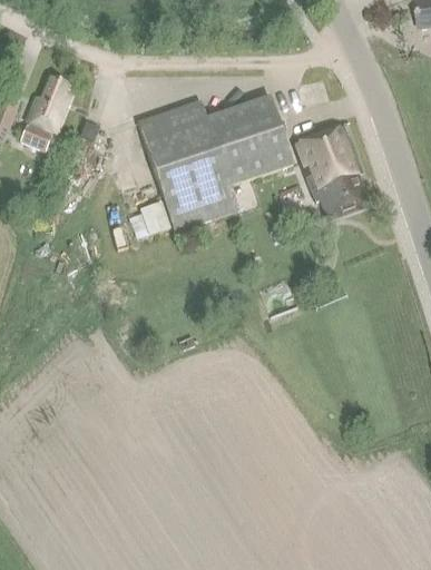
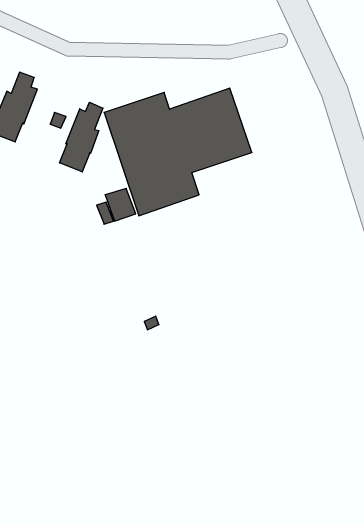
building: none -> [60,102,103,172]
building: [293,121,368,216] -> none

